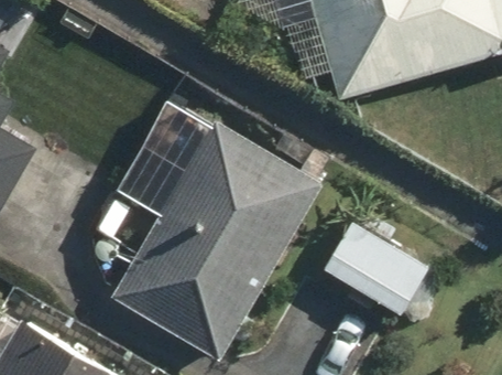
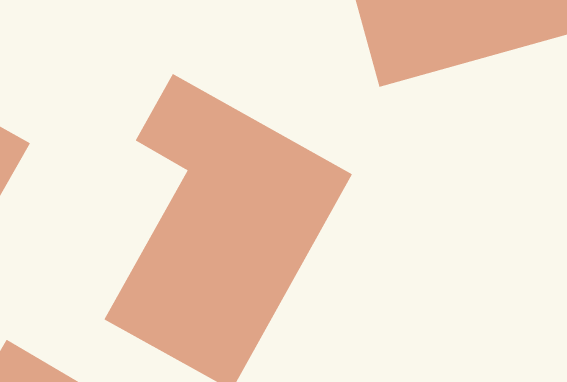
building: [309,214,427,322] -> none

